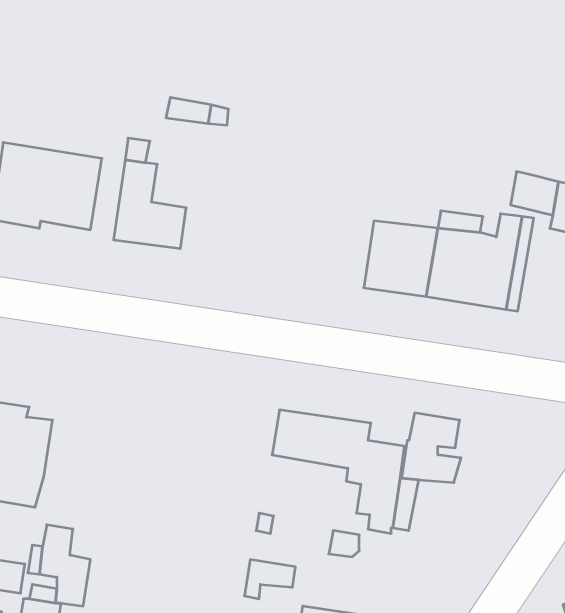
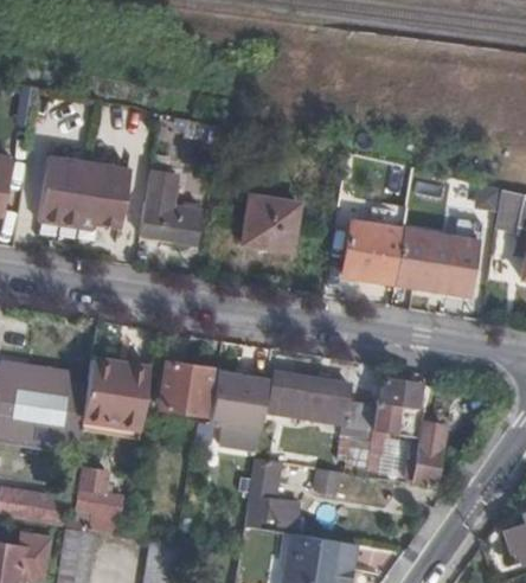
building: none -> [243,194,297,252]
building: none -> [83,359,152,438]
building: none -> [159,361,211,414]
building: none -> [213,371,271,431]
building: none -> [403,421,445,480]

